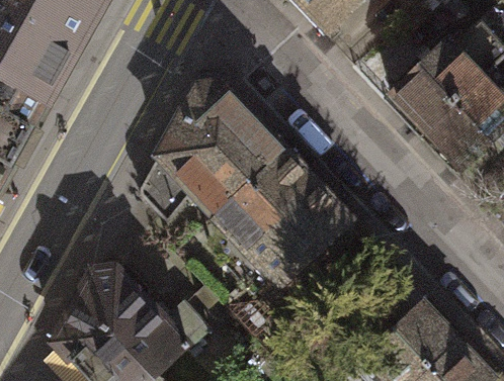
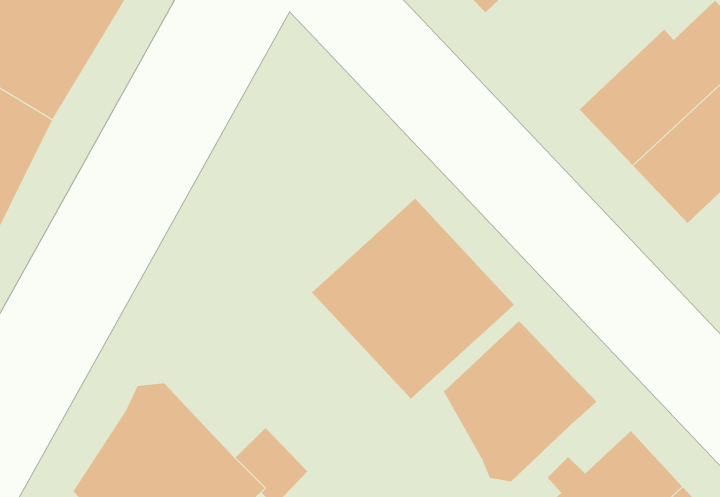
building: [141,81,282,216] -> none
building: none -> [443,320,597,482]

